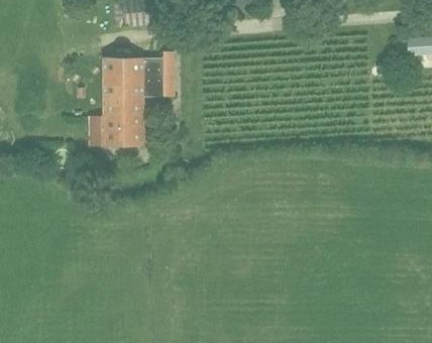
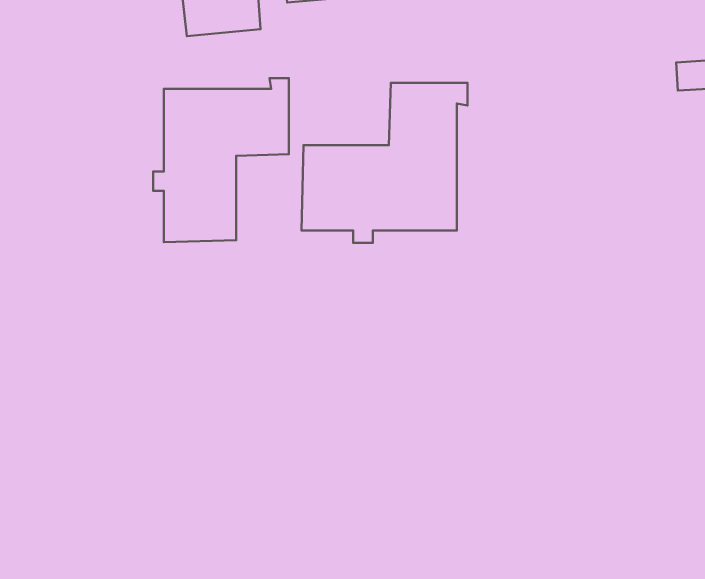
building: none -> [302,83,467,243]

